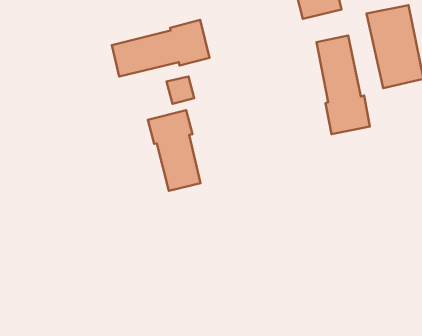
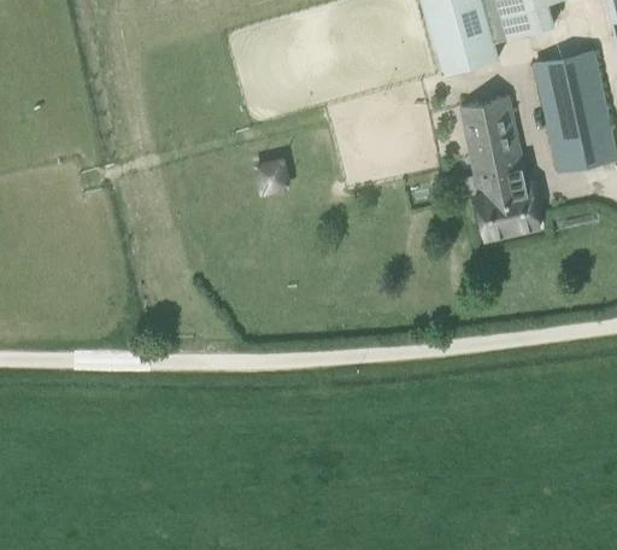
building: [112,20,210,77] -> none
building: [148,110,201,191] -> none

